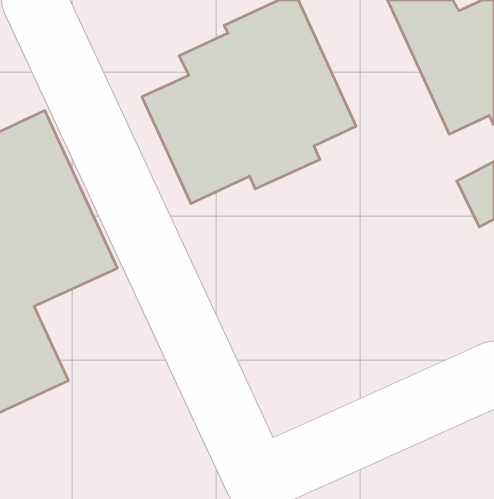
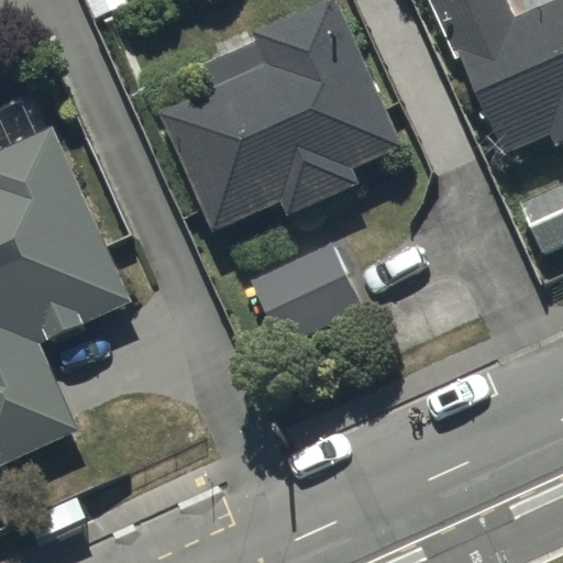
building: none -> [250,241,362,346]

